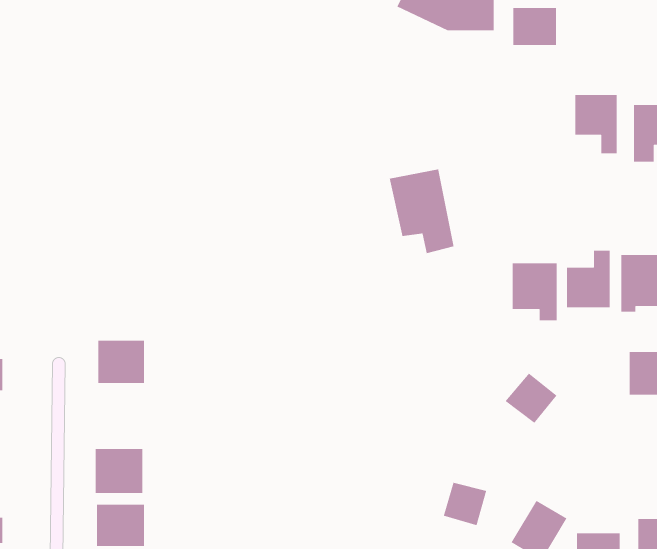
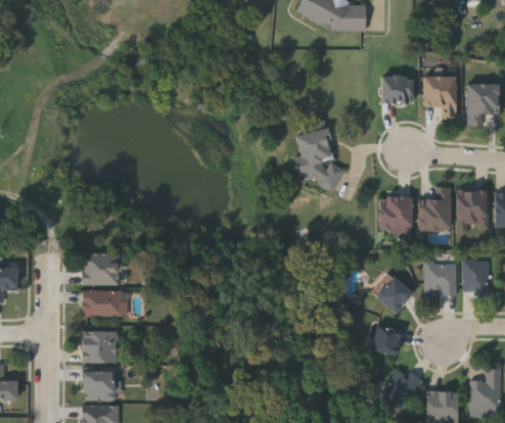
building: [513,7,557,46] -> [381,77,413,104]
building: none -> [424,263,457,294]
building: none -> [81,290,127,316]
building: [443,482,487,526] -> [369,324,401,356]

